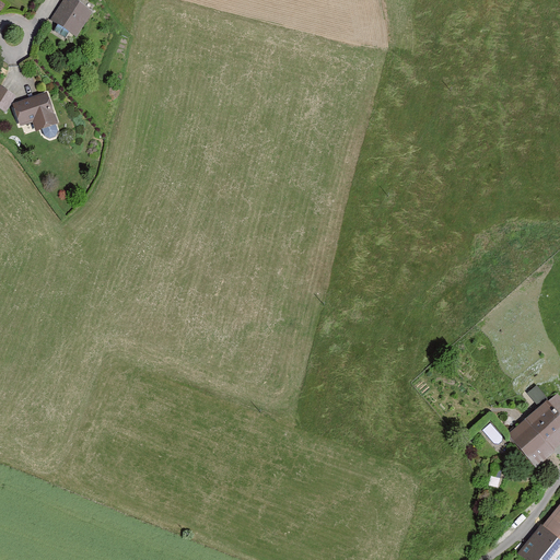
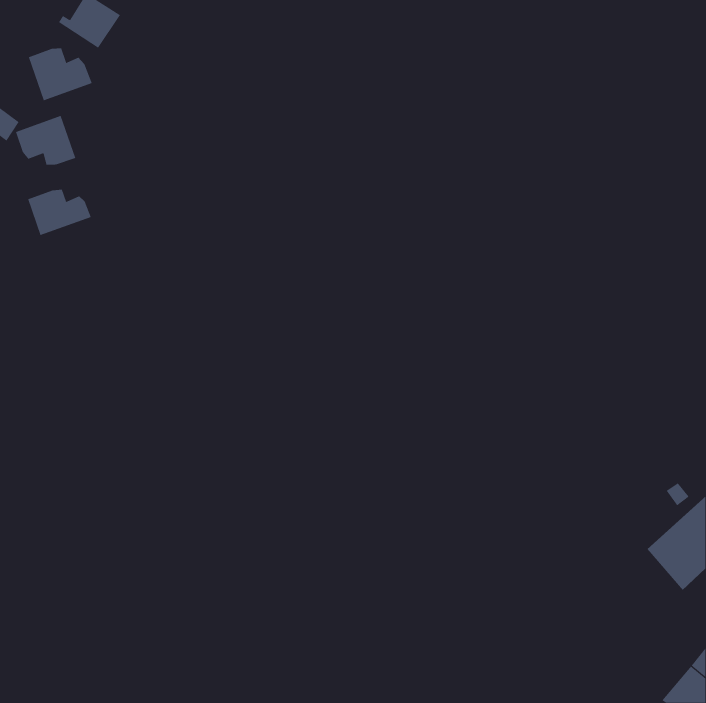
building: none -> [28,47,92,101]
building: none -> [27,189,92,236]

